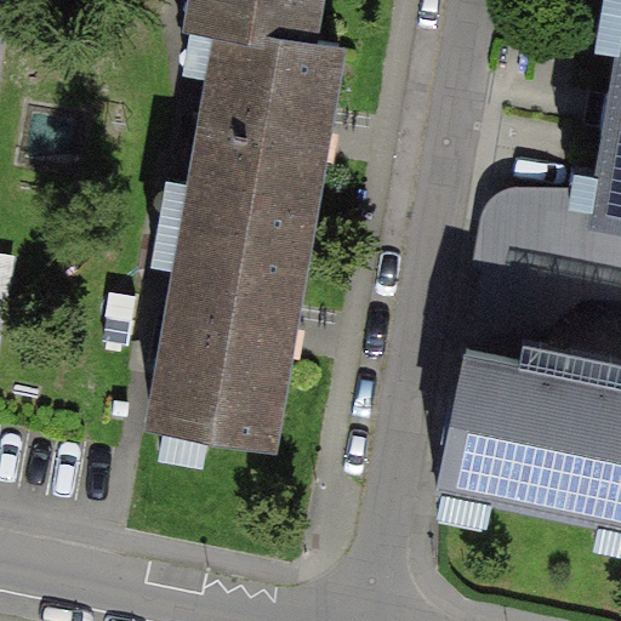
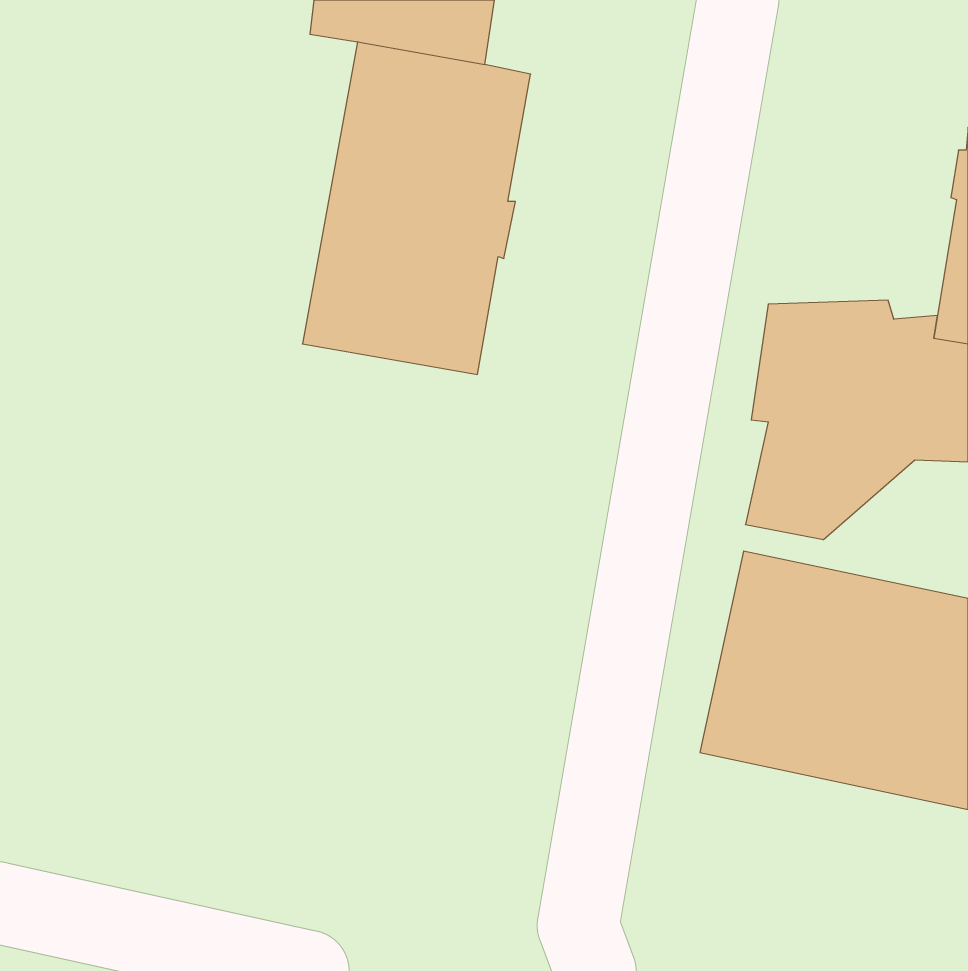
building: [159,220,304,440] -> none

